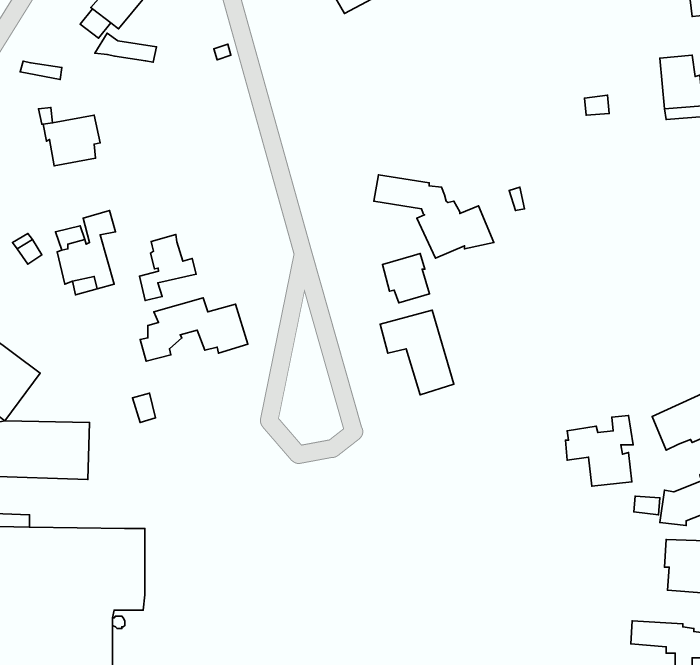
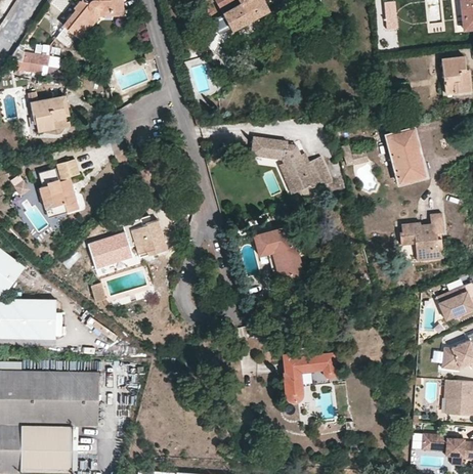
building: [95,33,156,62] -> [9,47,50,67]
building: none -> [387,129,426,184]
building: [140,234,196,300] -> none
building: [383,253,430,303] -> none
building: [566,416,633,486] -> [398,213,443,260]
building: none -> [284,354,335,402]

